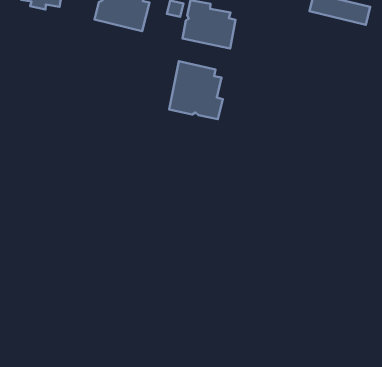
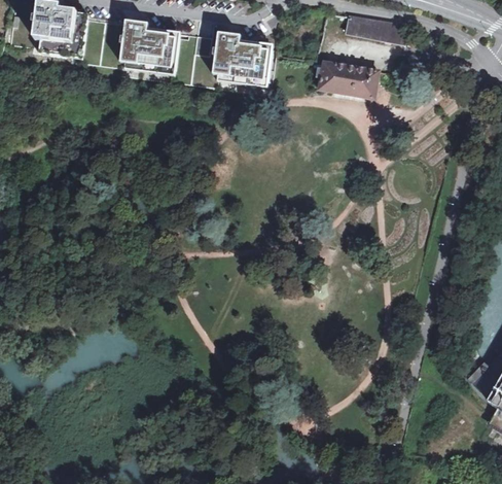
building: none -> [319,62,379,98]
building: [169,61,223,119] -> none

